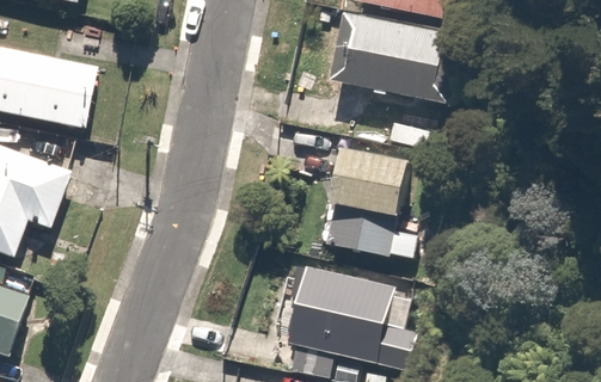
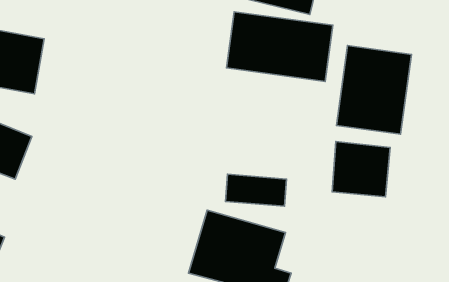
building: none -> [336,46,411,134]
building: [318,158,390,226] -> [332,142,390,197]

